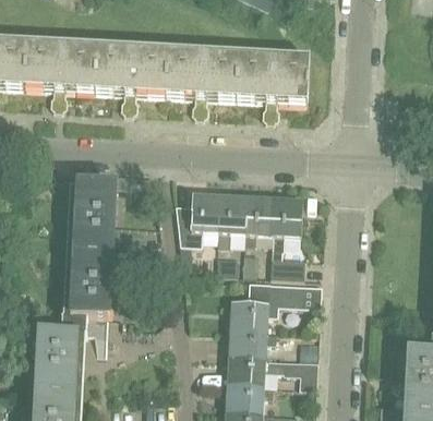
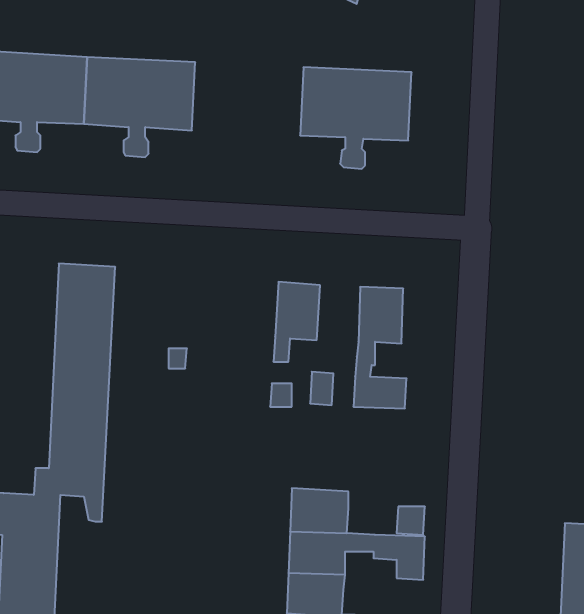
building: [164,48,237,113] -> none
building: [175,187,220,270] -> none
building: [245,194,274,241] -> none
building: [229,279,303,329] -> none

